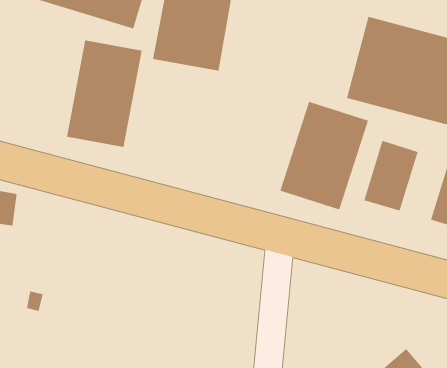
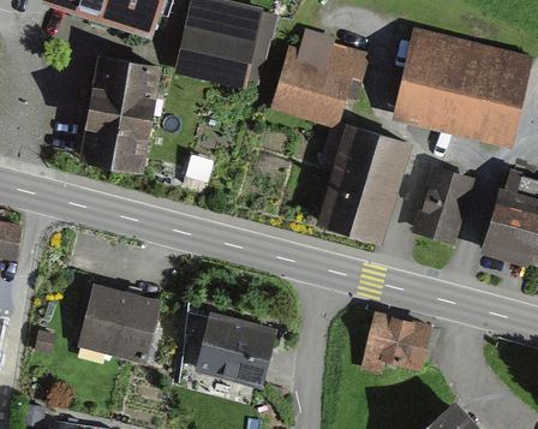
building: none -> [269,26,363,130]
building: none -> [76,281,162,363]
building: none -> [359,309,436,374]
building: none -> [195,315,274,388]

